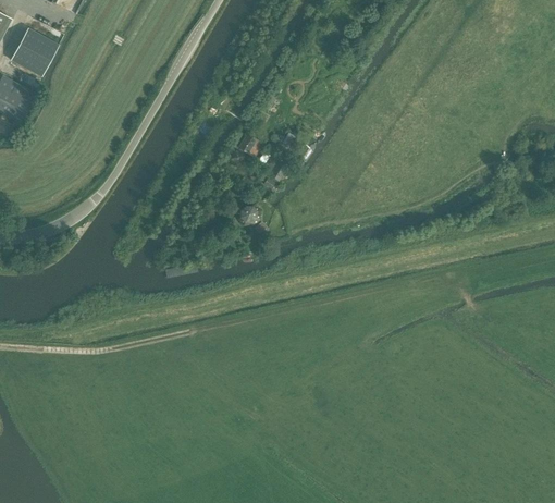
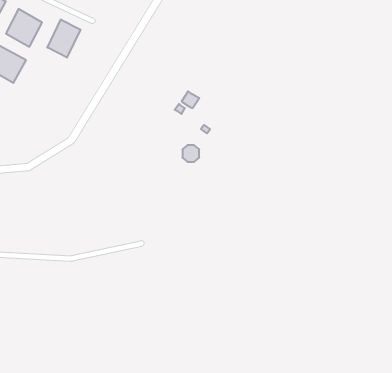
building: none -> [47,19,80,58]

